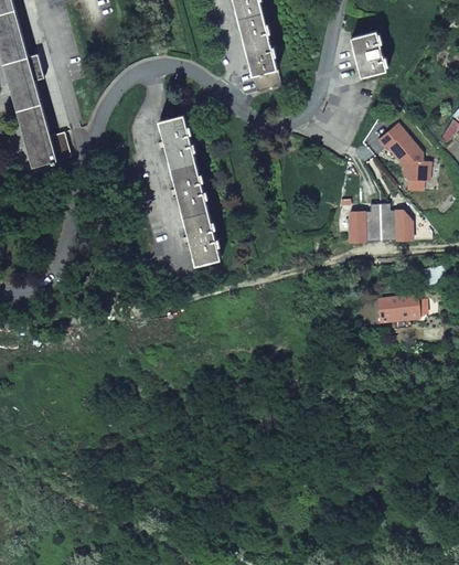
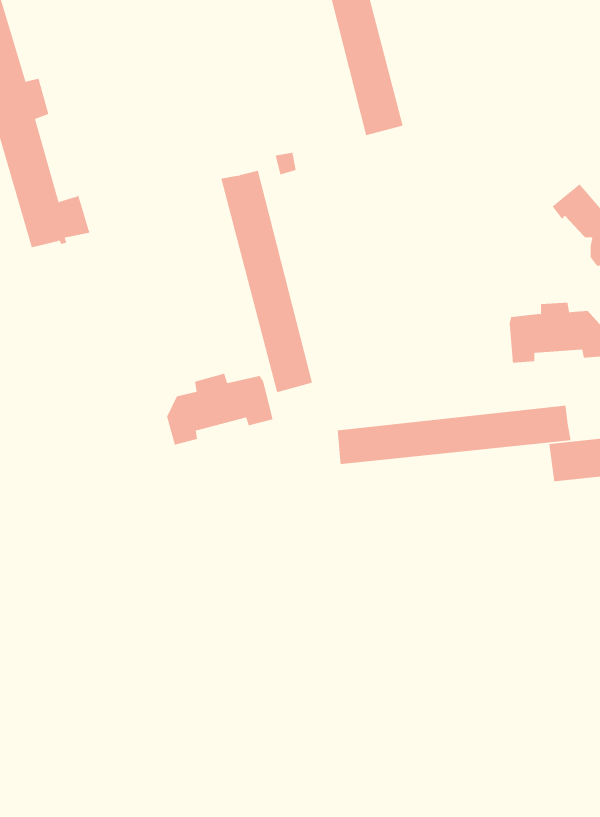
building: [351,31,385,75] -> none
building: none -> [166,373,273,445]
building: none -> [337,405,571,465]

